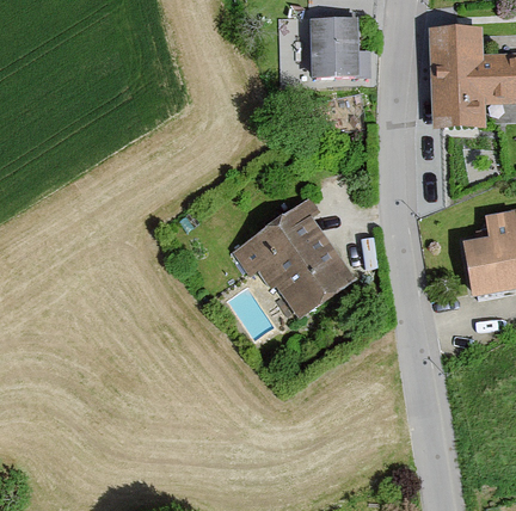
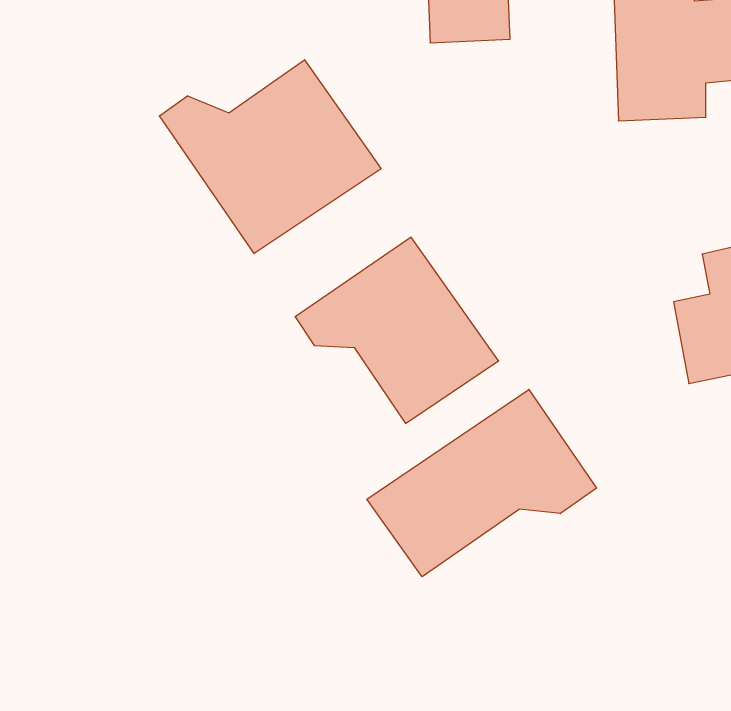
building: none -> [159,60,381,253]
building: none -> [367,389,597,577]

